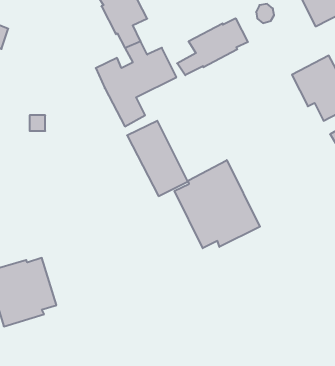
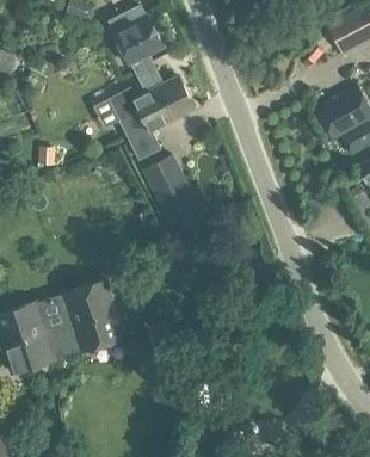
building: [177,18,248,75] -> none
building: [174,160,260,248] -> none
building: none -> [51,279,124,350]

